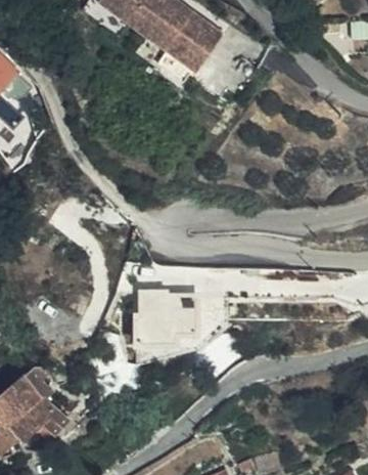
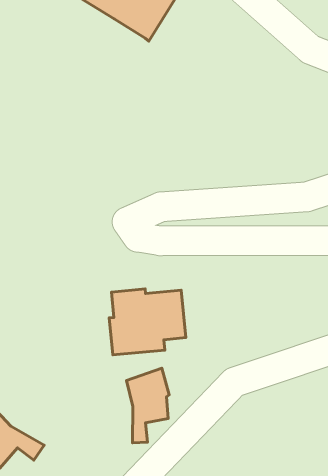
building: none -> [127,368,169,443]

